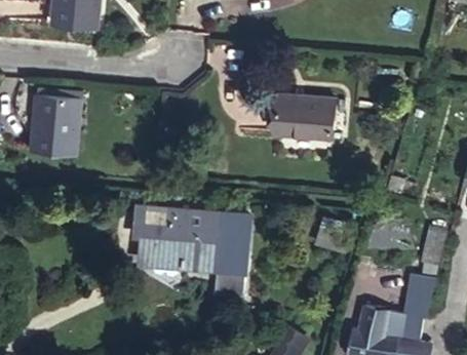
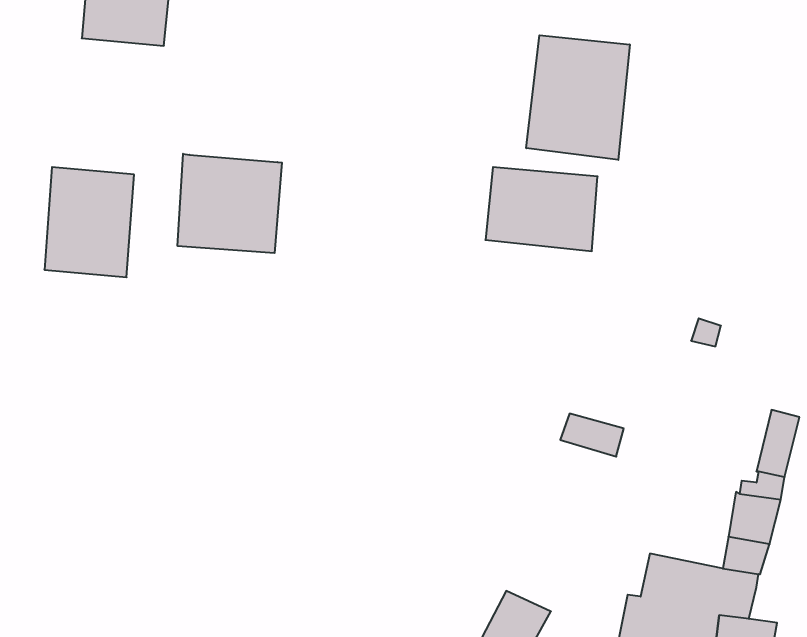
building: none -> [526,35,630,160]
building: none -> [178,154,282,253]
building: [134,207,251,297] -> none

